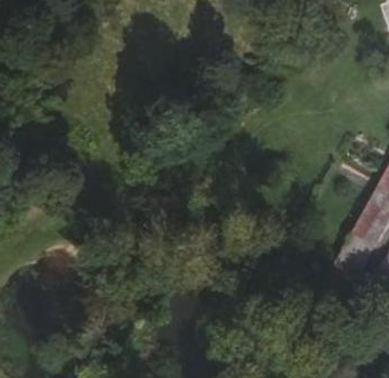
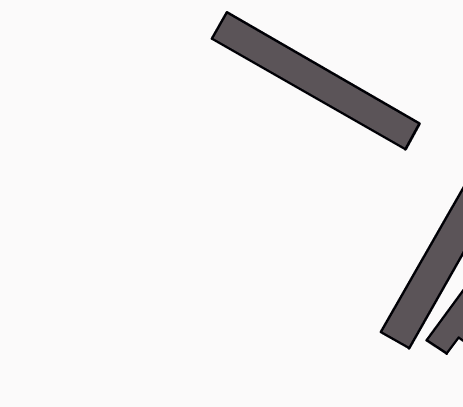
building: none -> [212,12,419,149]

